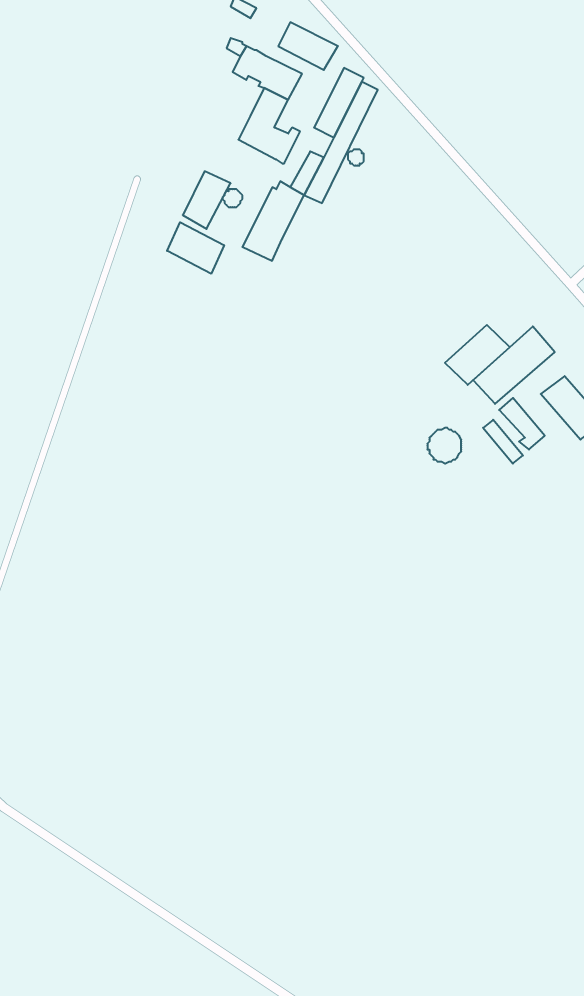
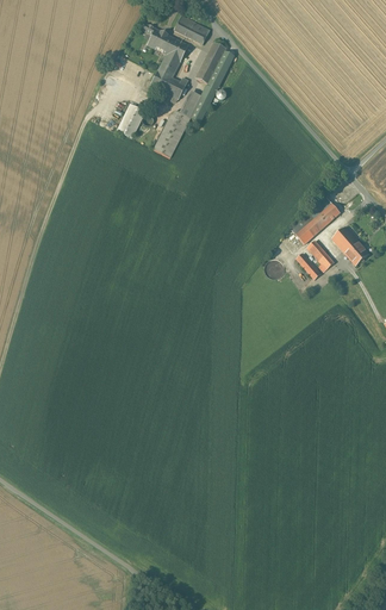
building: [167,222,224,274] -> none
building: [445,325,510,385] -> none

